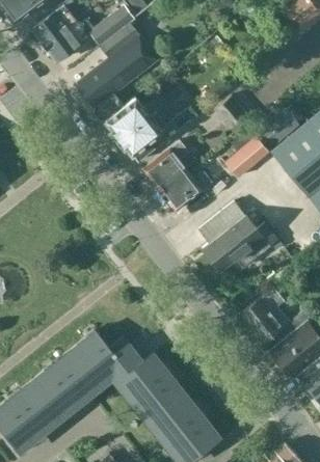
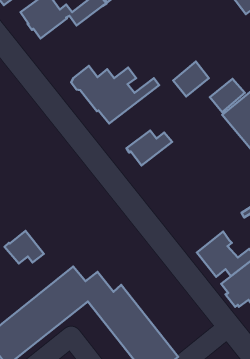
building: [76,23,158,108] -> none
building: [224,137,268,179] -> none
building: [143,142,188,191] -> none
building: [198,202,283,272] -> none
building: none -> [4,231,44,264]

